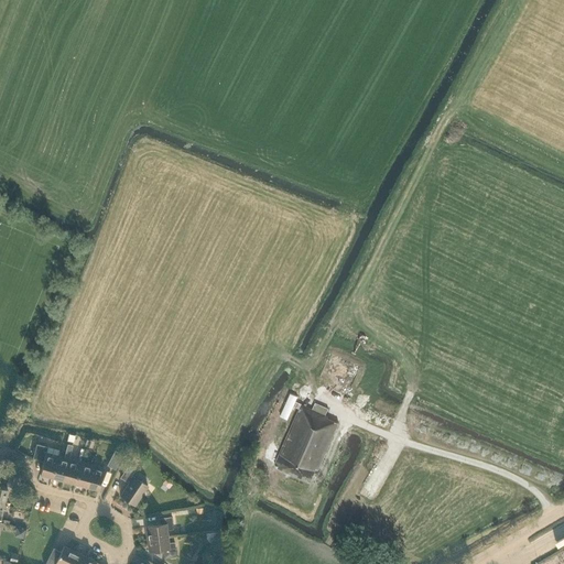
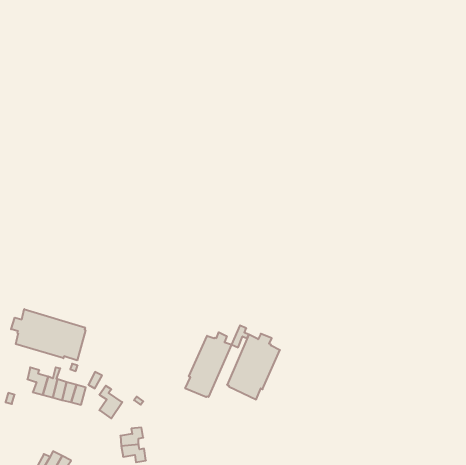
building: none -> [11,309,85,360]
building: none -> [185,332,232,397]

